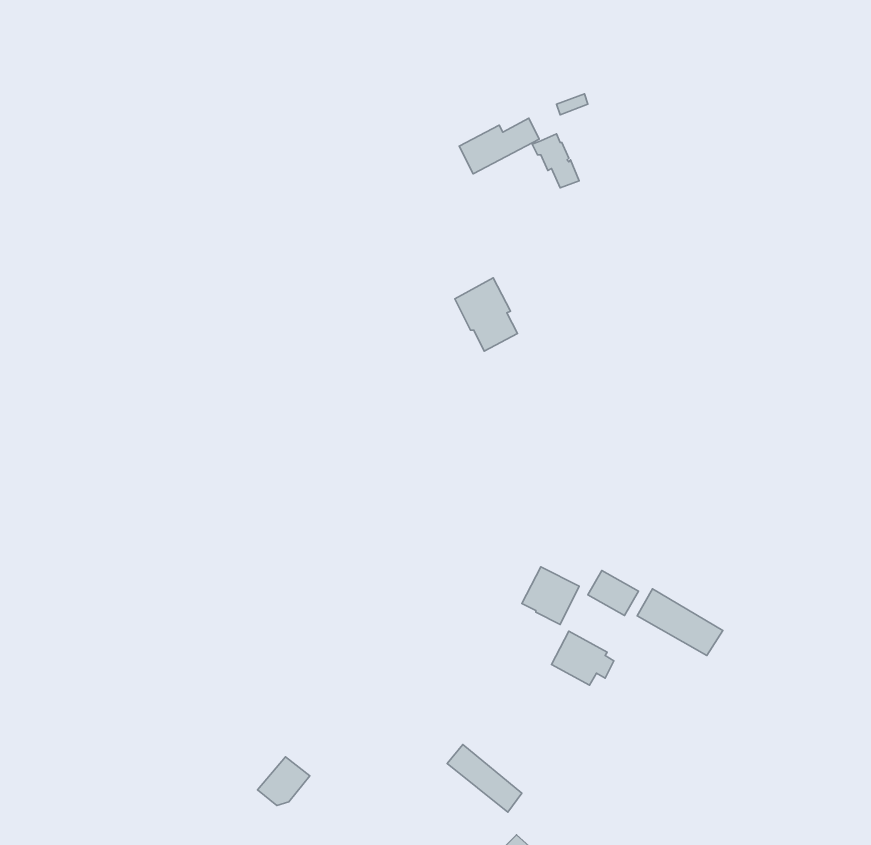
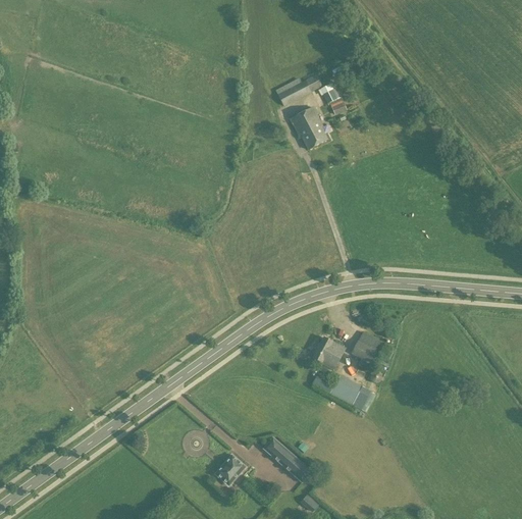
building: [455,278,517,351] -> [290,106,326,149]
building: [637,589,723,656] -> none
building: [258,757,310,805] -> [215,455,246,483]

